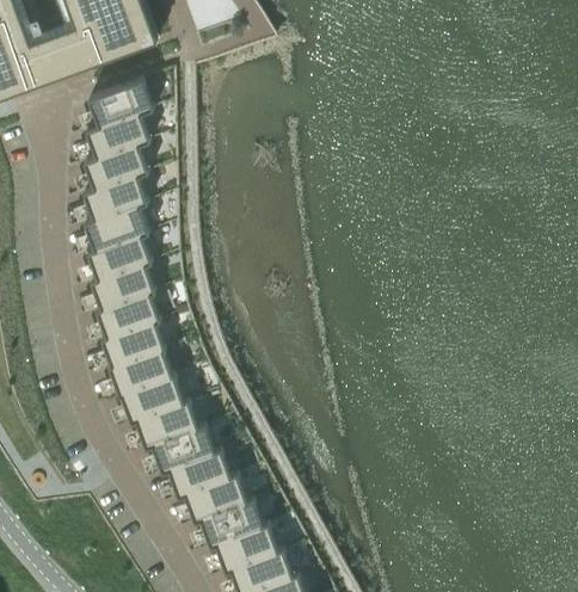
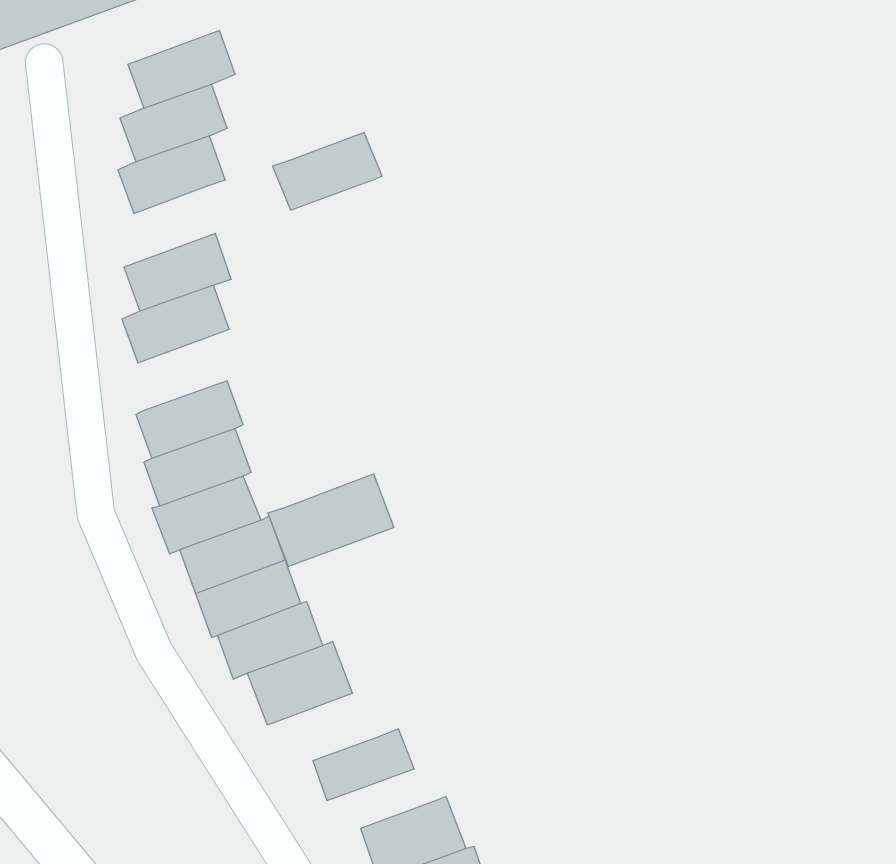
building: [84,171,149,217] -> [273,132,382,210]
building: [91,259,155,306] -> none
building: none -> [268,474,394,566]
building: [178,474,241,520] -> none
building: [214,517,276,560] -> none

